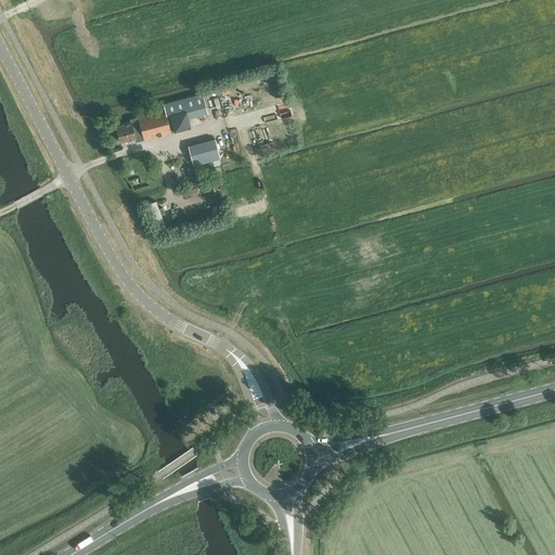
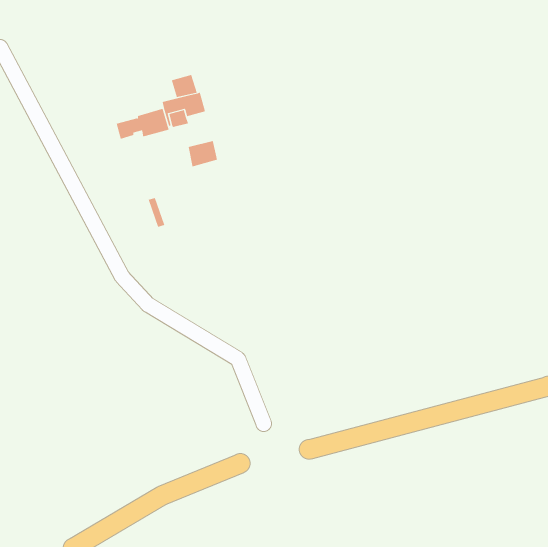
building: none -> [171,74,197,98]

